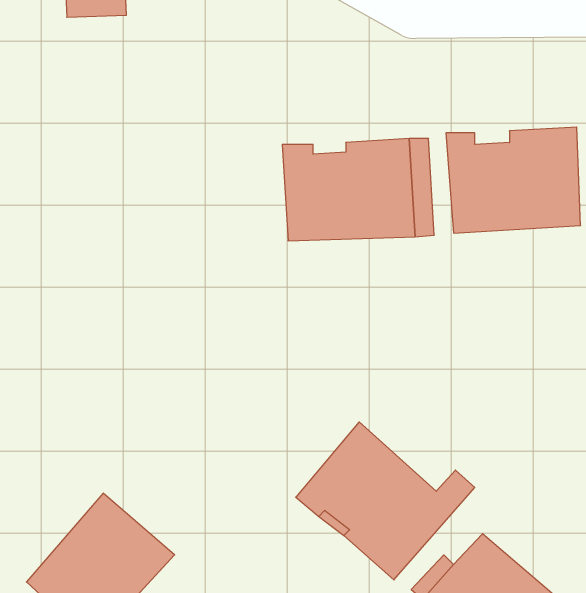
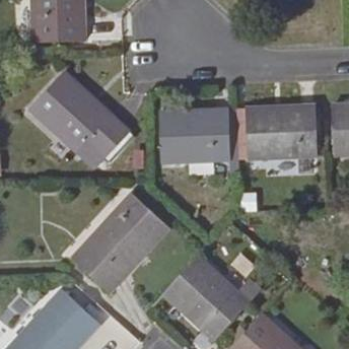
building: none -> [25,73,123,156]
building: none -> [87,197,168,292]

